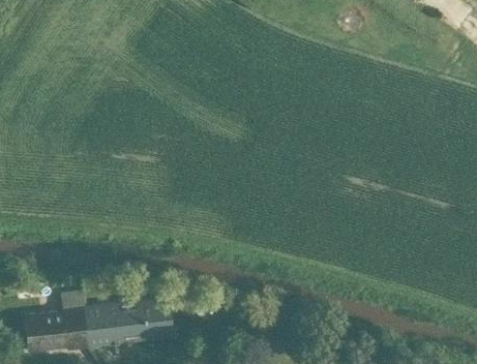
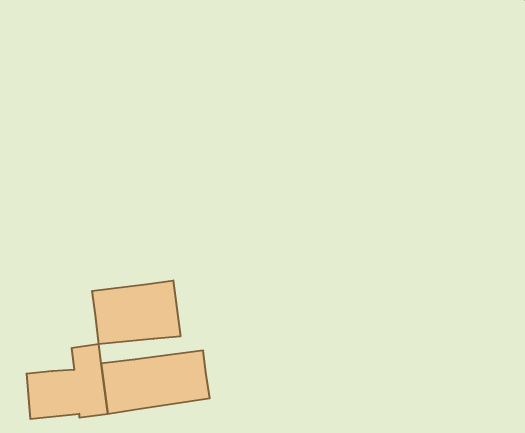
building: none -> [92,280,180,344]

